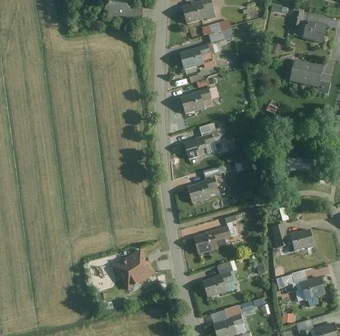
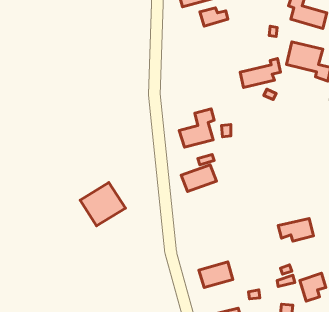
building: [179,48,215,73] -> none
building: [180,85,219,113] -> [240,59,281,87]
building: [194,227,231,253] -> none
building: [110,248,154,290] -> [80,183,125,226]

